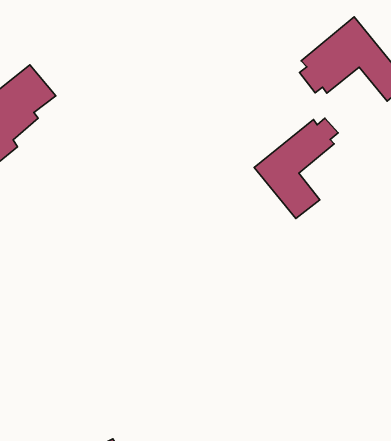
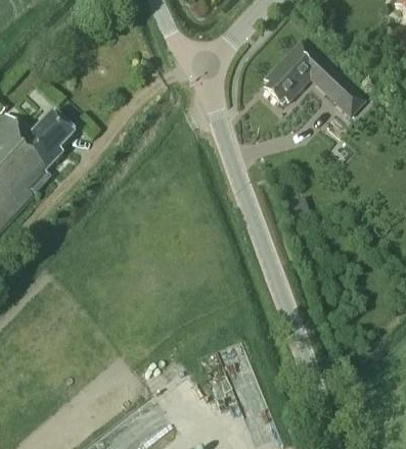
building: [254,118,338,218] -> none

